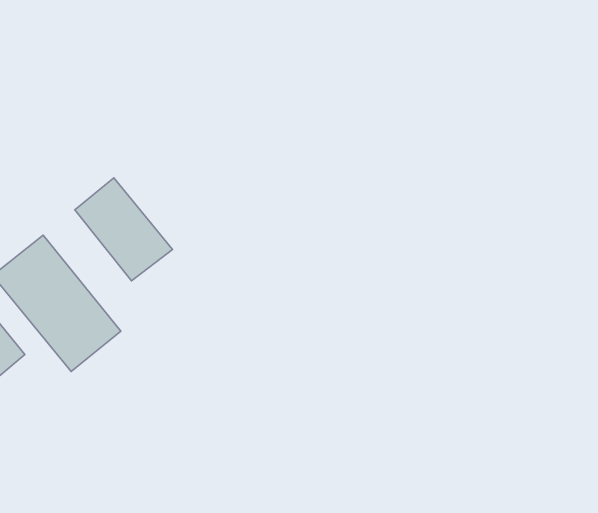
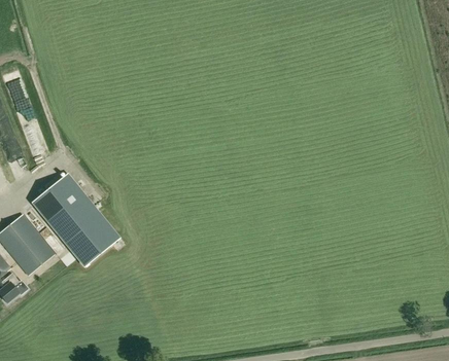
building: [75,178,173,281] -> none

